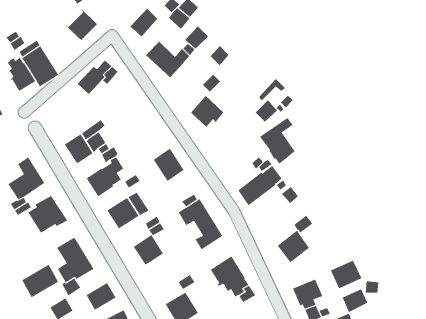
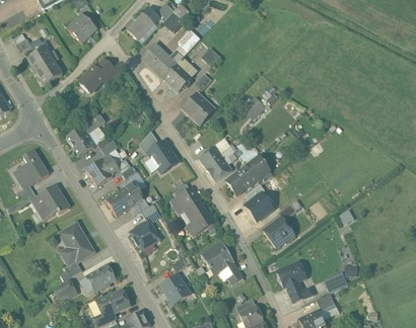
building: [7,57,36,92] -> none
building: none -> [164,64,191,91]
building: [259,117,296,164] -> [198,138,231,181]
building: none -> [245,192,273,220]
building: [330,260,362,289] -> none
building: [22,264,59,298] -> none

